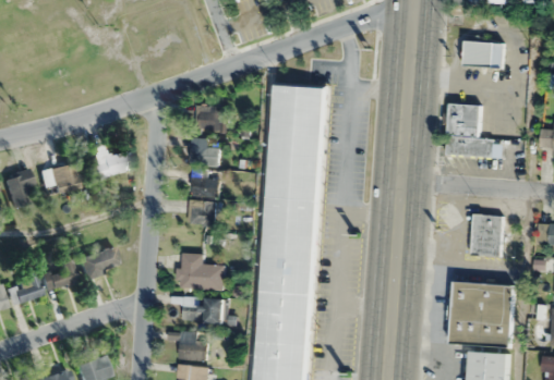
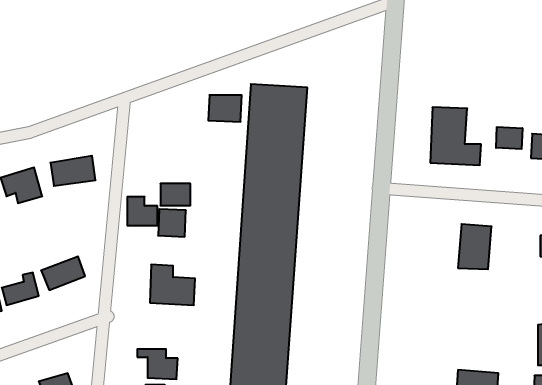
building: [462,40,492,66] -> none
building: [195,106,227,131] -> [208,95,242,122]
building: none -> [496,127,522,149]
building: [190,138,218,166] -> [127,197,157,226]
building: [446,281,513,347] -> none
building: [172,296,222,321] -> none

